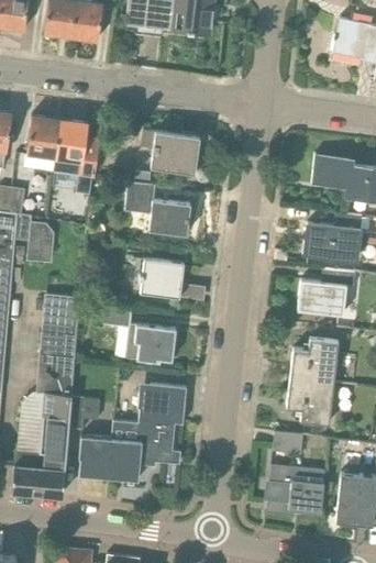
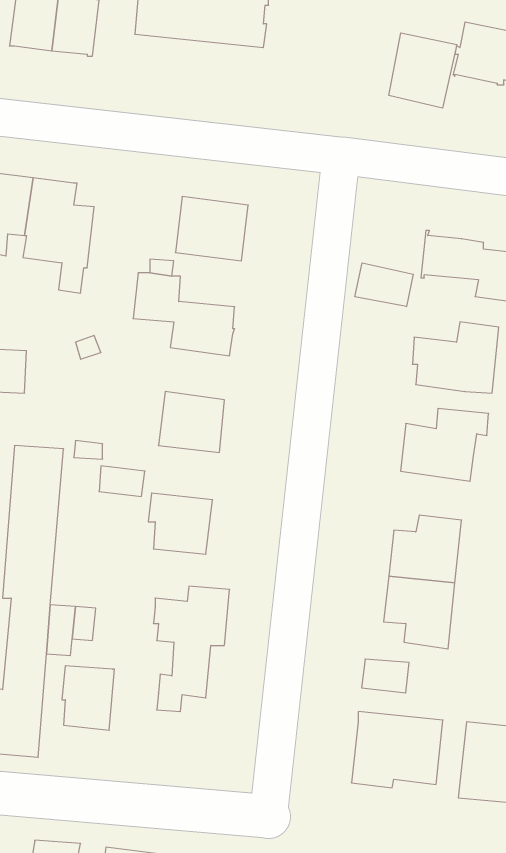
building: none -> [389,33,457,108]
building: none -> [355,263,413,307]
building: [109,420,151,481] -> none

